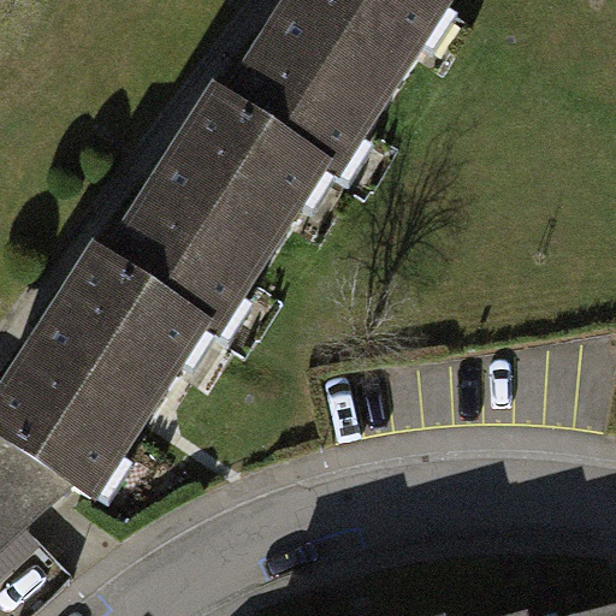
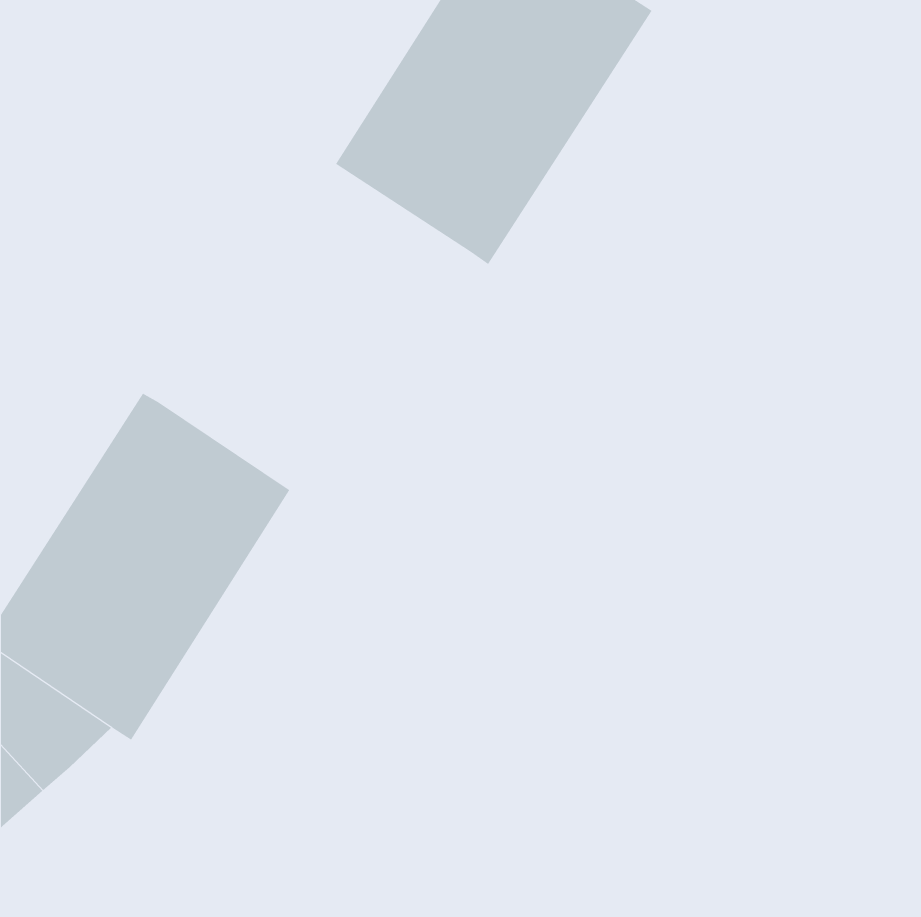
building: [106,102,314,334] -> none

